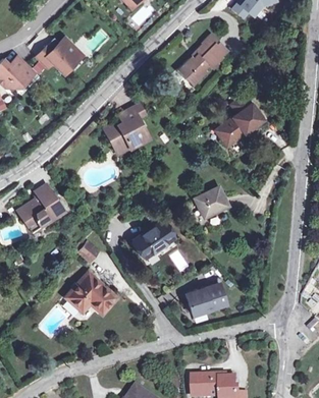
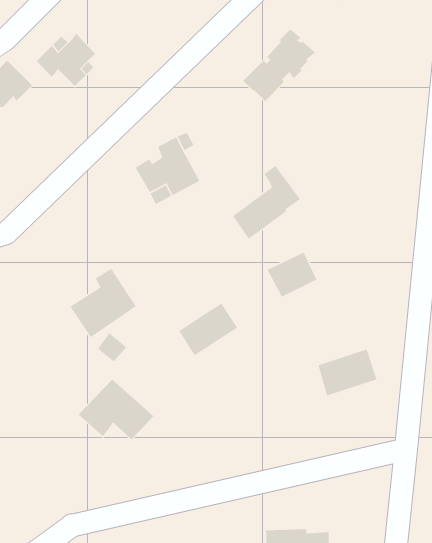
building: [214,95,261,146] -> [232,165,301,240]
building: [16,183,62,231] -> [69,268,137,338]
building: [187,284,227,317] -> [318,348,378,396]

